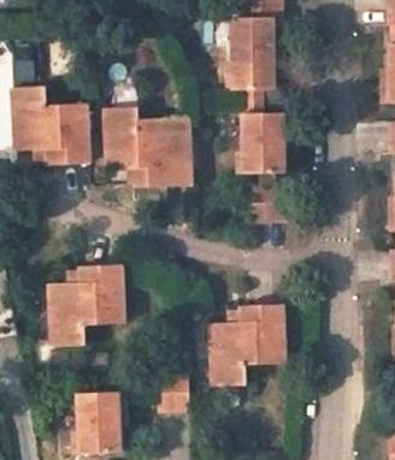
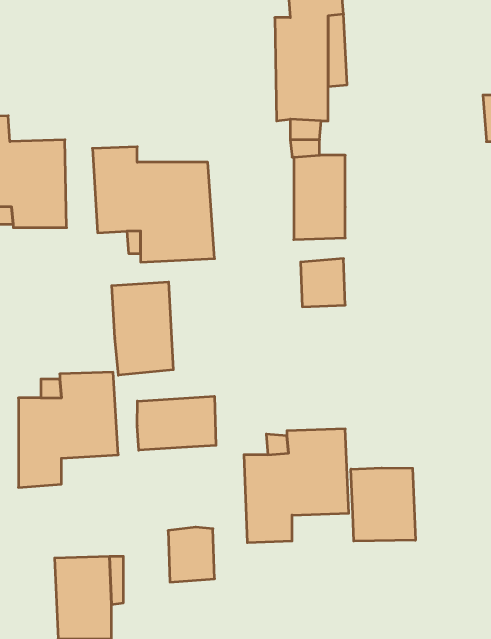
building: none -> [112,282,173,375]
building: none -> [137,396,216,450]
building: none -> [351,468,415,541]

